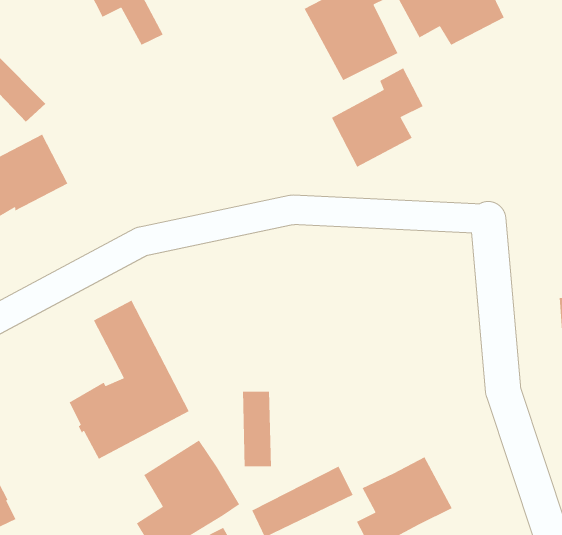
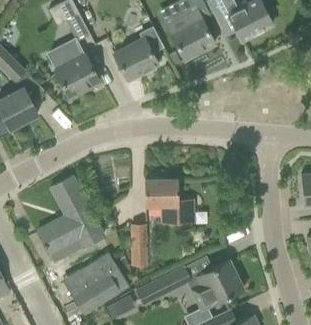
building: none -> [55,41,99,97]
building: [331,67,424,168] -> [114,26,164,80]
building: none -> [145,178,194,222]

